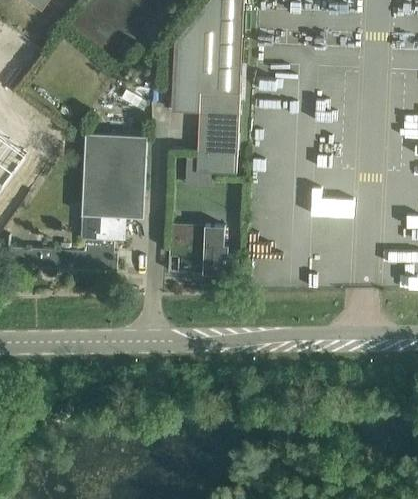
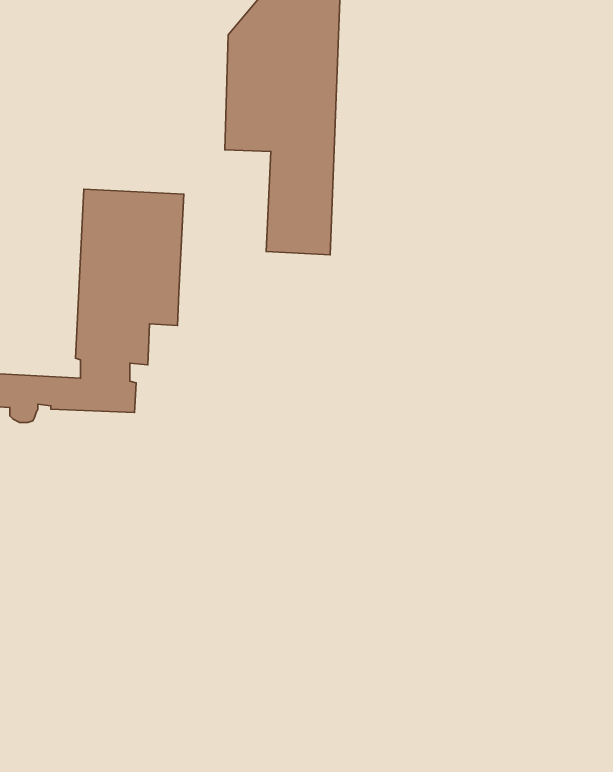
building: [168,223,232,274] -> none

